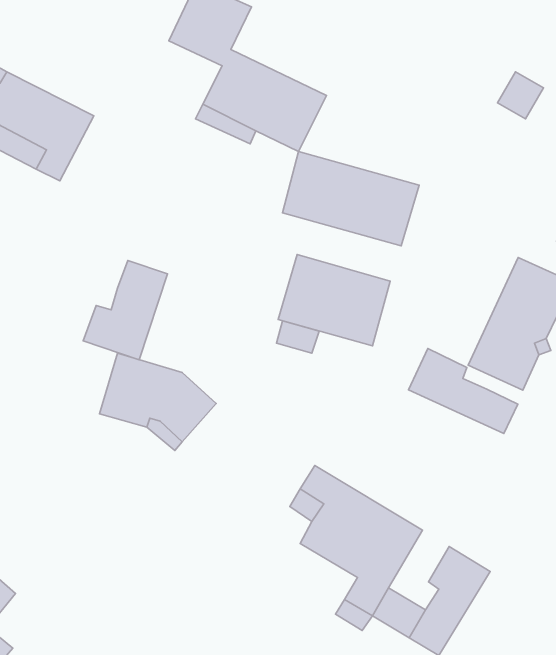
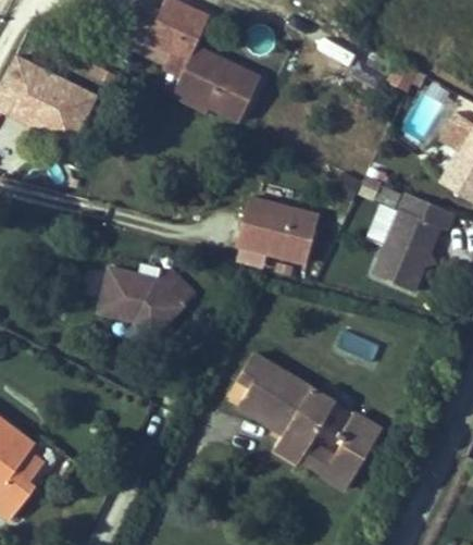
building: [283,151,419,246] -> none
building: [83,260,167,360] -> none
building: [408,348,518,434] -> none

